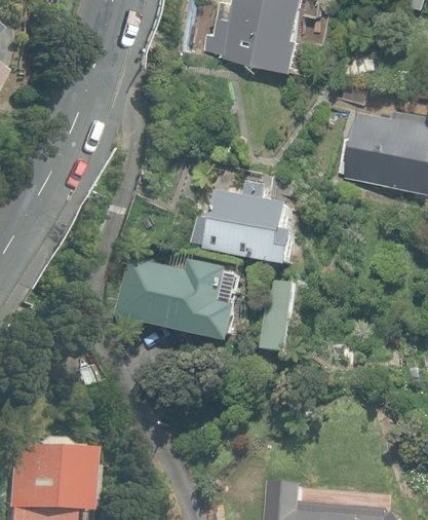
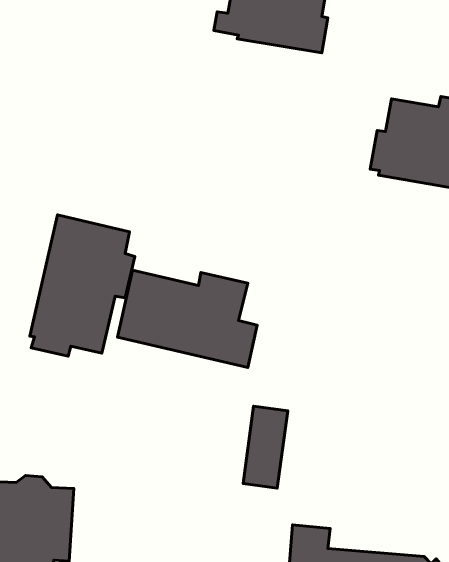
building: [189,183,299,269] -> none
building: none -> [30,215,135,356]
building: [259,282,298,354] -> [243,406,288,488]

